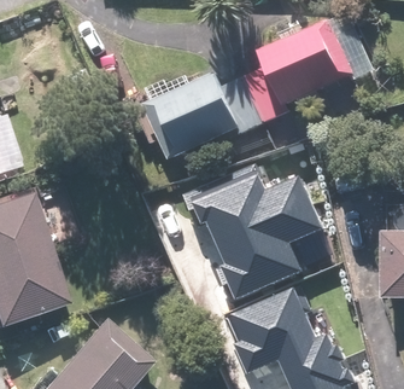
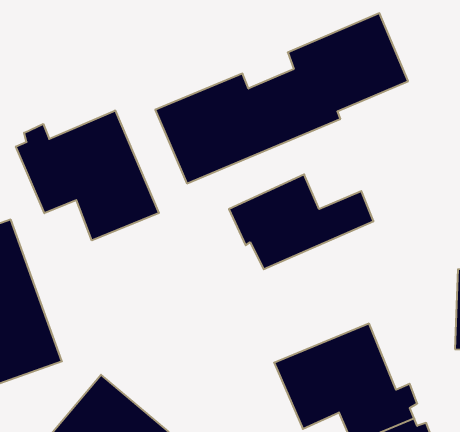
building: none -> [16,110,159,240]
building: [227,193,326,284] -> none

